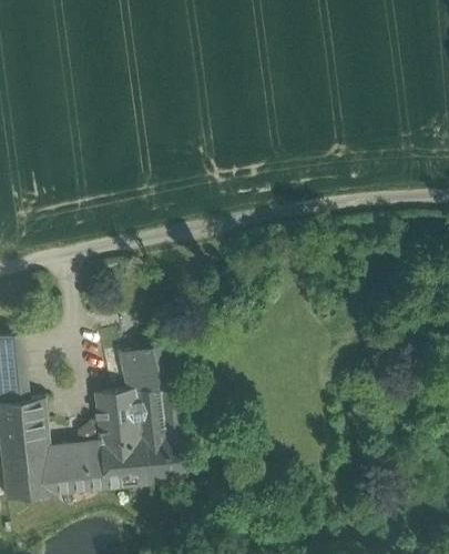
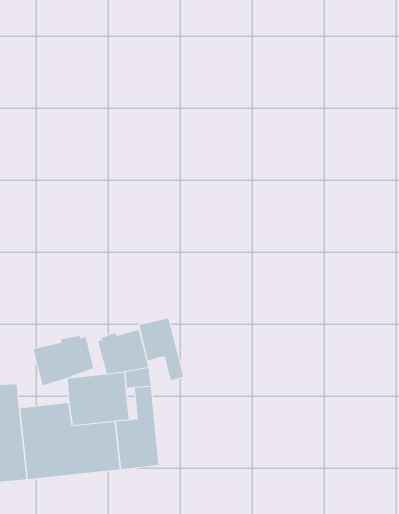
building: none -> [139,317,184,381]
building: none -> [33,335,94,386]

